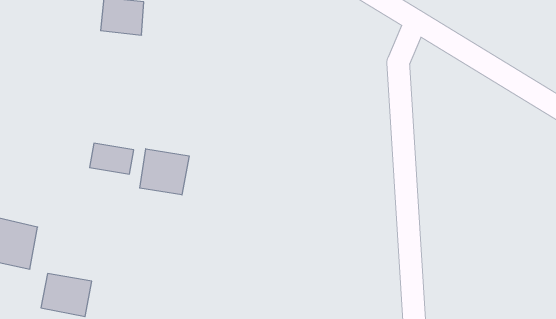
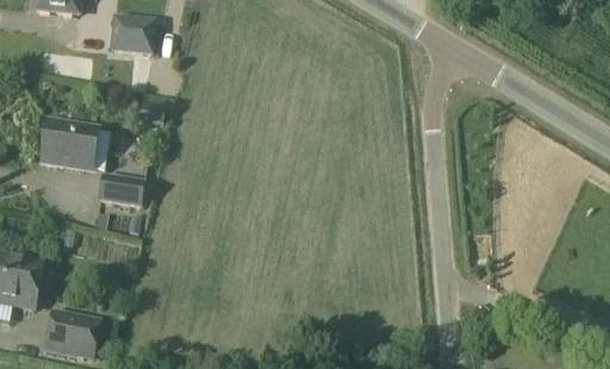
building: none -> [42,119,100,170]
building: [140,149,189,195] -> none

